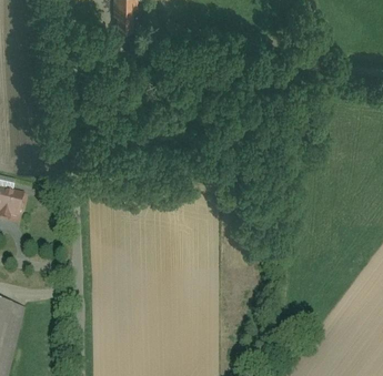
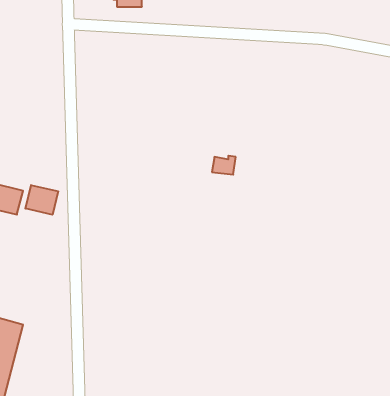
building: none -> [25,185,58,215]

